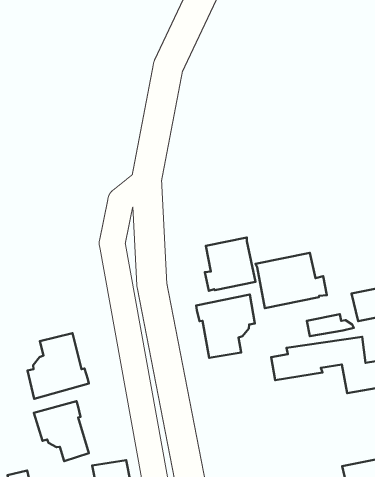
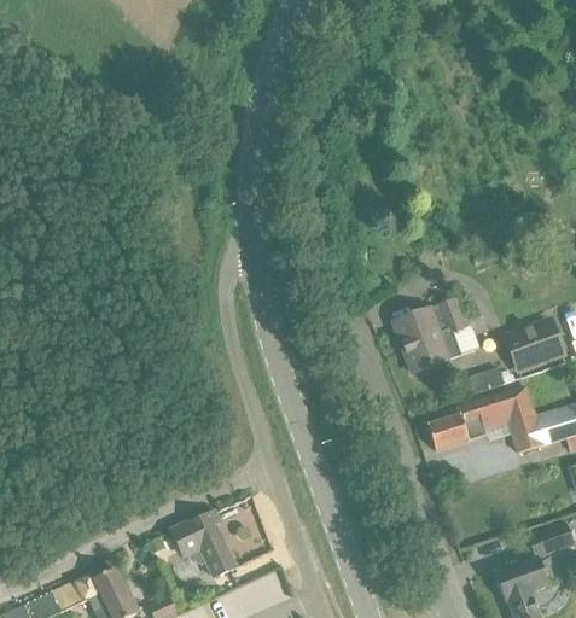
building: [205,237,256,291] -> none
building: [196,295,255,358] -> none
building: [27,333,89,399] -> none

